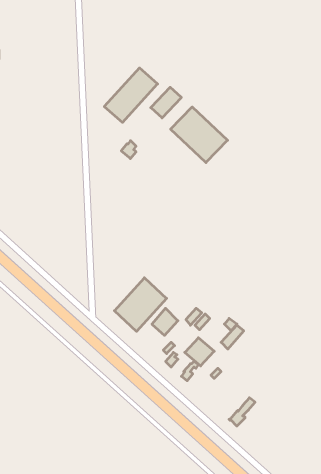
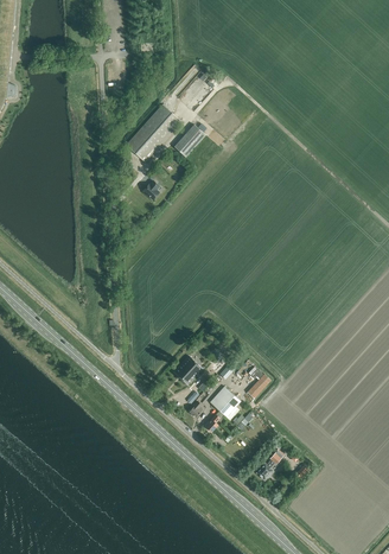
building: [171,107,228,163] -> none
building: [114,278,167,331] -> none

